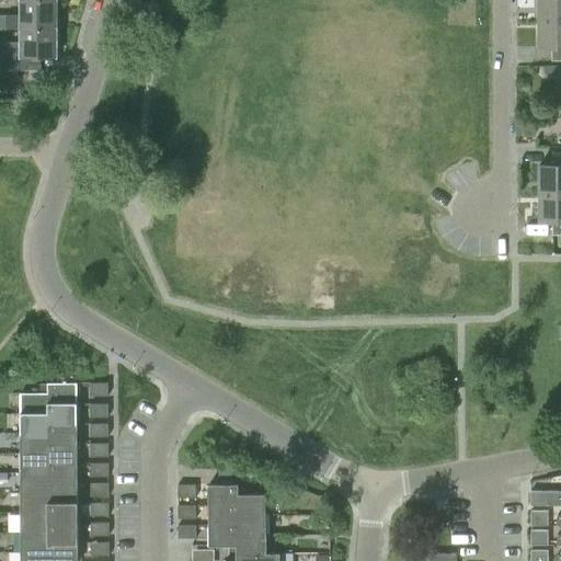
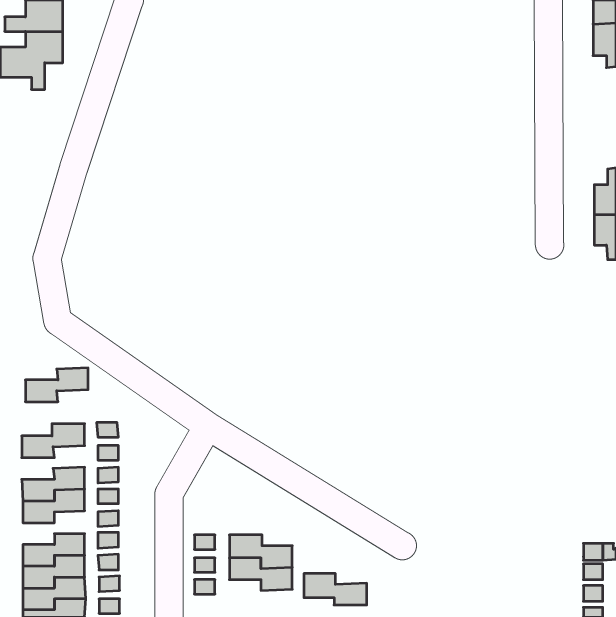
building: [20,404,77,435] -> [25,368,88,402]
building: [21,463,77,494] -> none
building: [208,526,265,554] -> [304,574,367,605]

